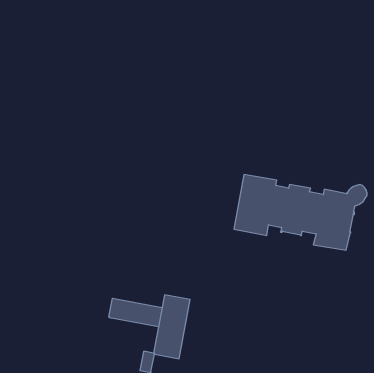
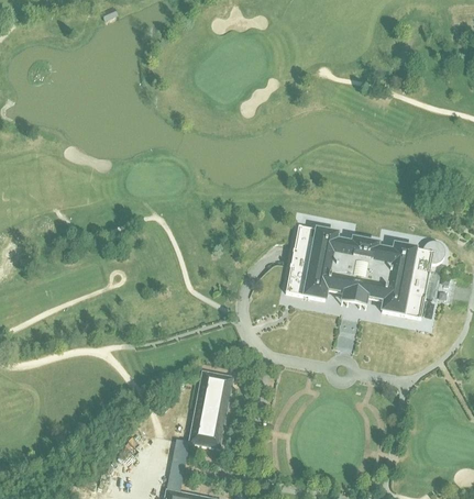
building: [109,298,162,327] -> none

